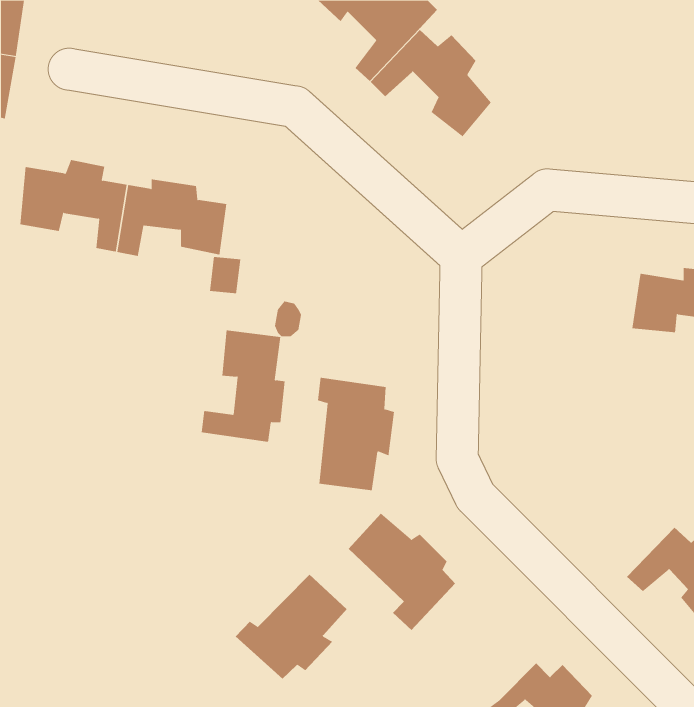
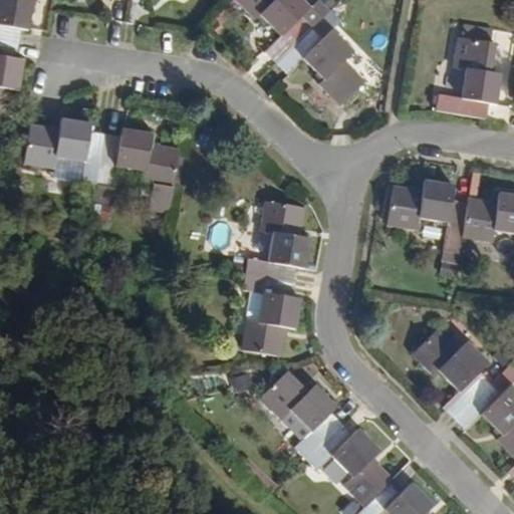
building: none -> [437,38,501,114]
building: none -> [395,183,473,252]
building: [201,330,285,442] -> [242,200,303,281]
building: none -> [420,329,499,419]
building: [235,574,347,680] -> none
building: none -> [308,424,399,508]

